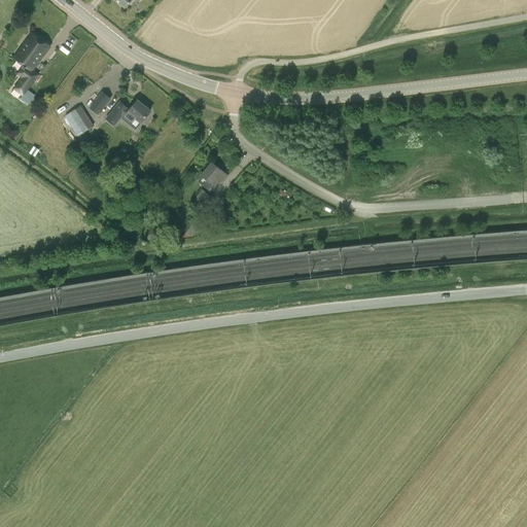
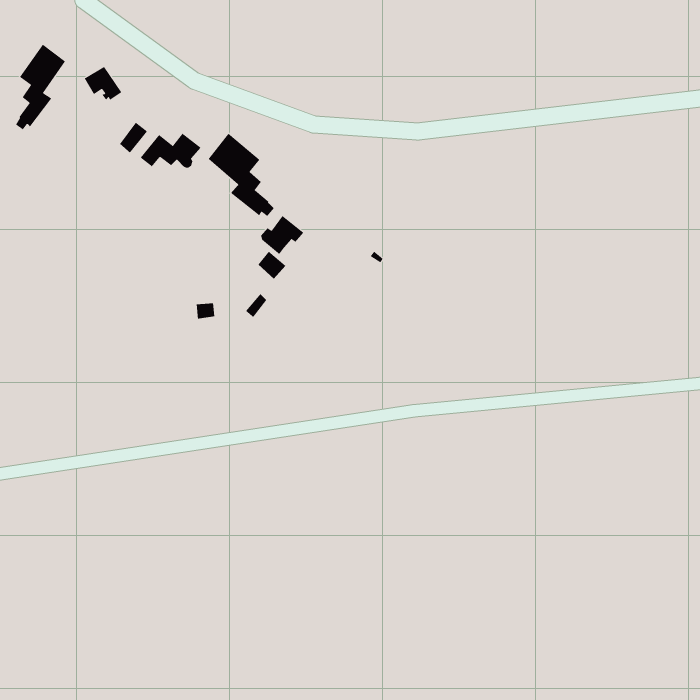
building: none -> [208,133,275,217]
building: [65,106,94,132] -> [84,66,122,100]

